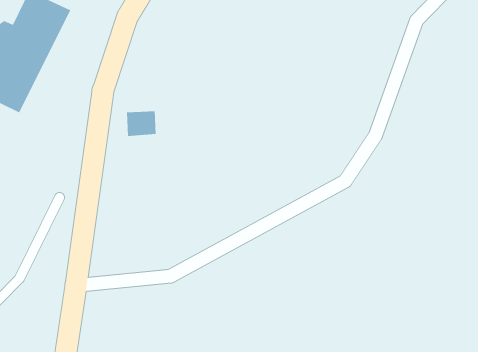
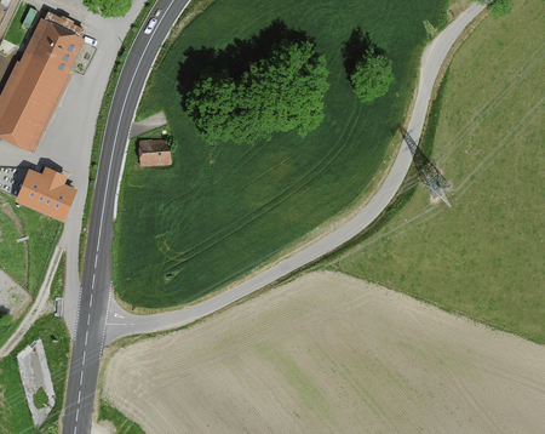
building: none -> [17,171,75,219]

